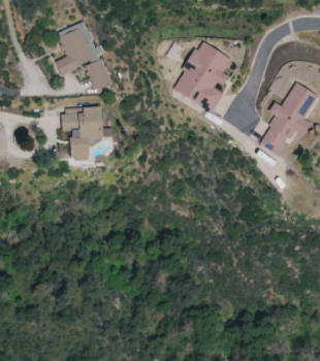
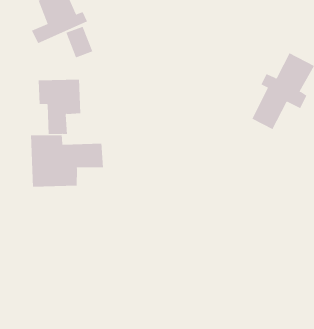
building: [173,42,231,112] -> none
building: none -> [31,134,103,188]

